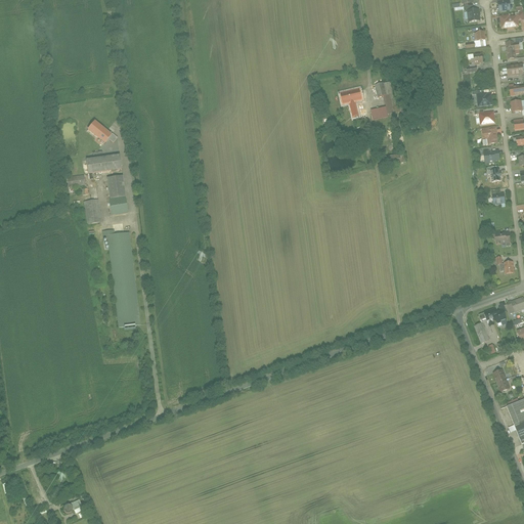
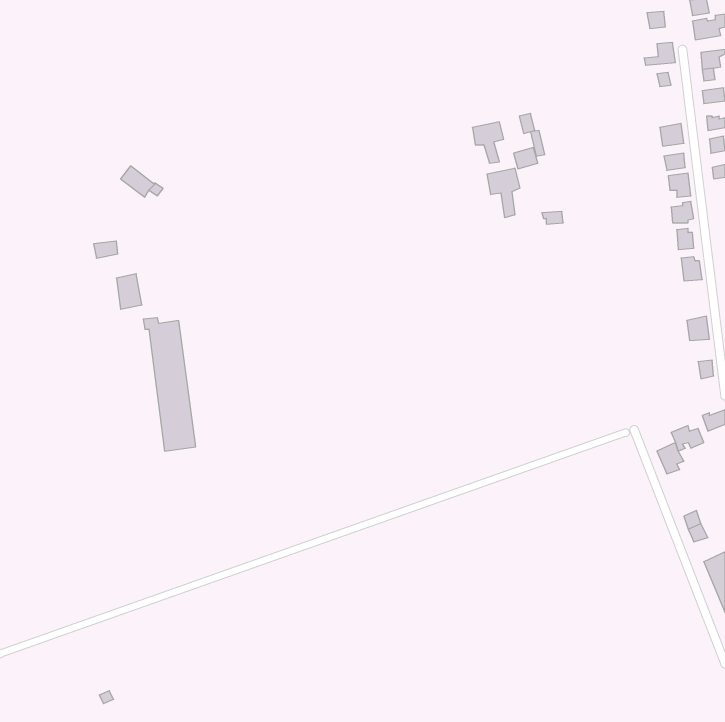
building: none -> [487,168,520,218]
building: [86,154,121,172] -> none
building: [106,174,128,214] -> none

